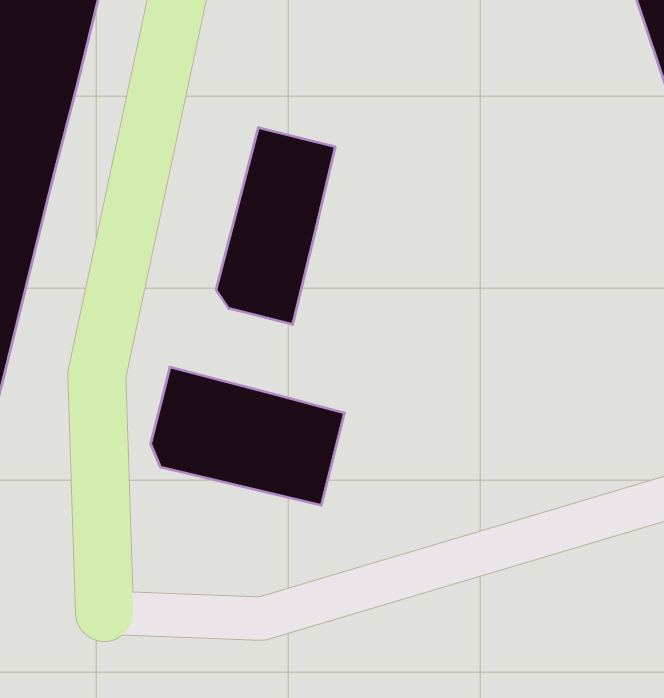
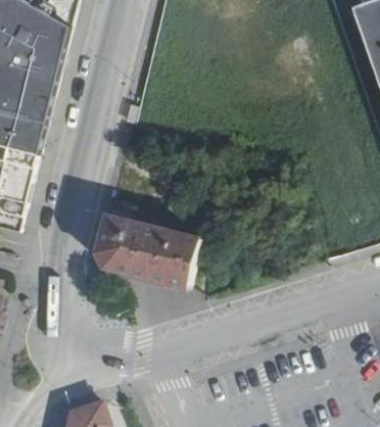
building: [216,127,335,325] -> none

